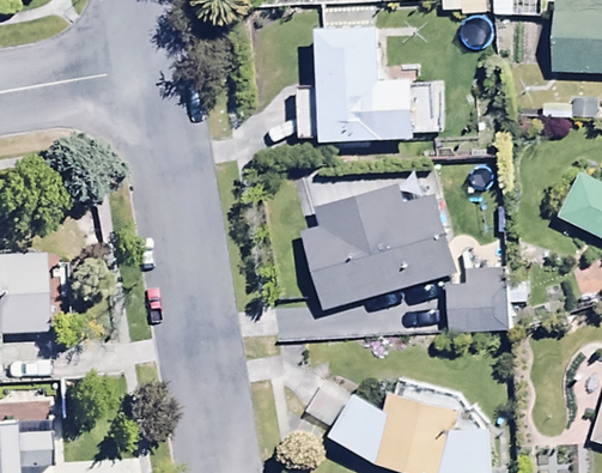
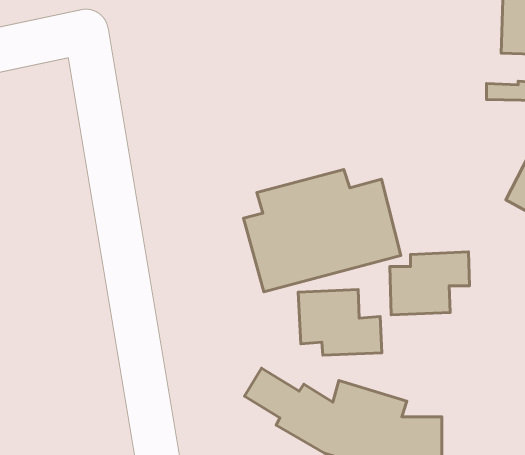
building: [299,29,439,144] -> none
building: none -> [298,290,382,355]

